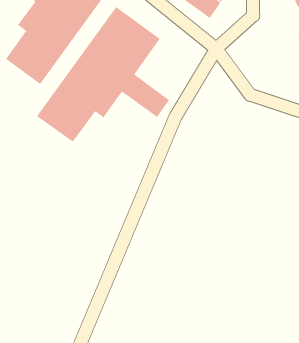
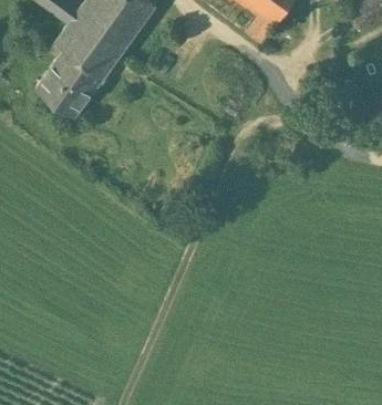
building: [36,6,170,143] -> none

